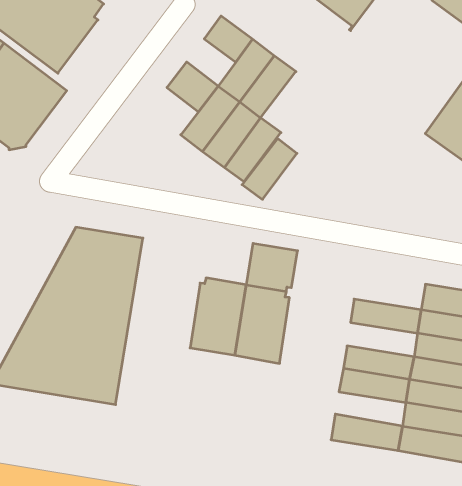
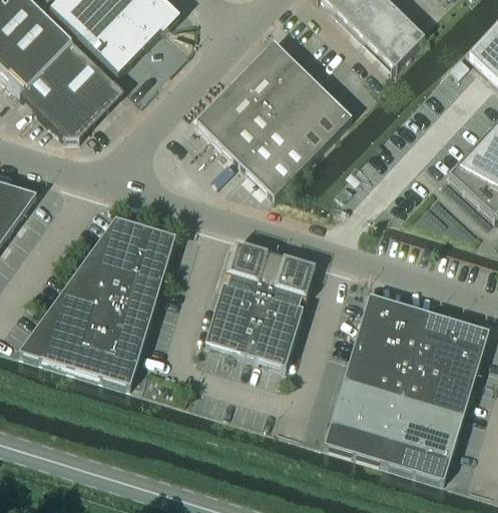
building: none -> [236,60,282,105]
building: none -> [196,100,241,145]
building: [242,138,297,199] -> [298,101,352,155]
building: none -> [225,241,276,291]
building: none -> [362,294,429,335]
building: none -> [350,338,416,377]
building: none -> [331,400,397,439]

